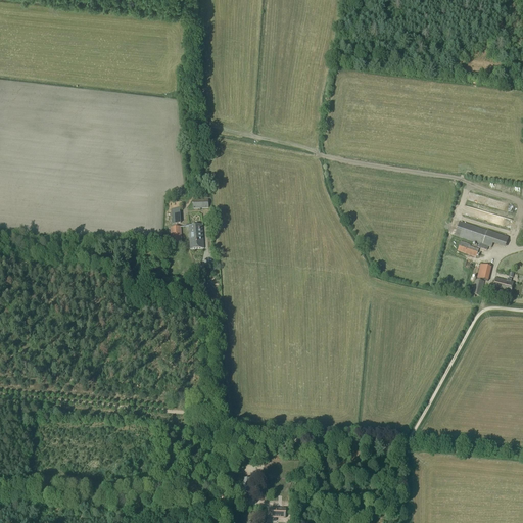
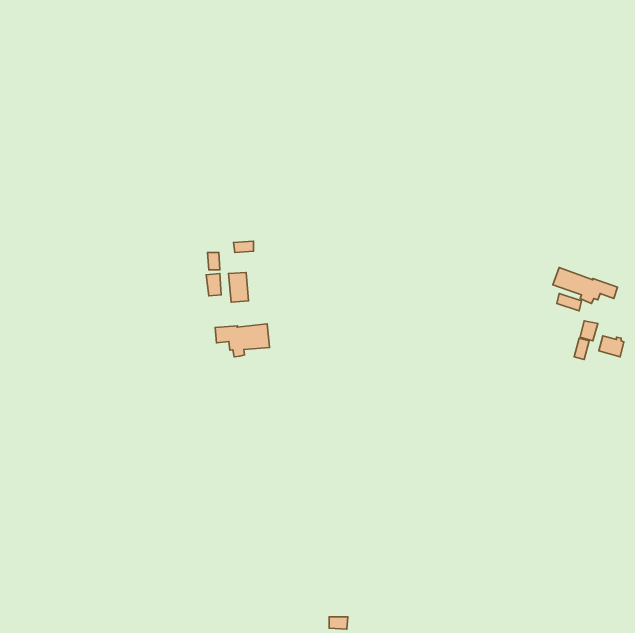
building: none -> [215,324,269,357]

